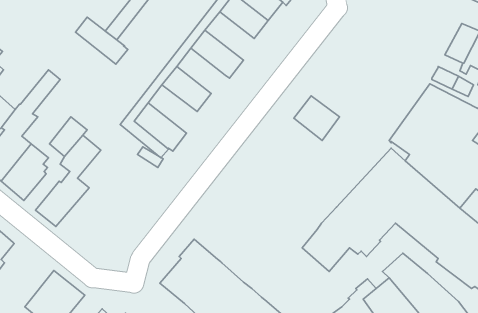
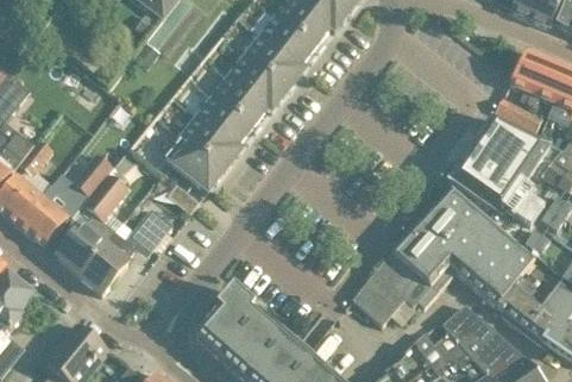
building: none -> [245,36,304,89]
building: [75,17,128,64] -> none
building: none -> [214,76,268,126]
building: none -> [182,117,240,170]
building: [294,96,340,141] -> none
building: none -> [80,207,174,293]

